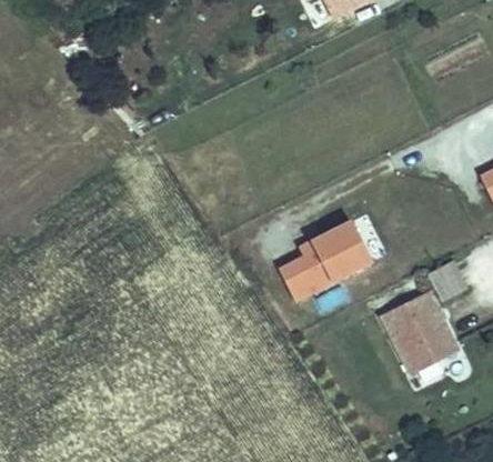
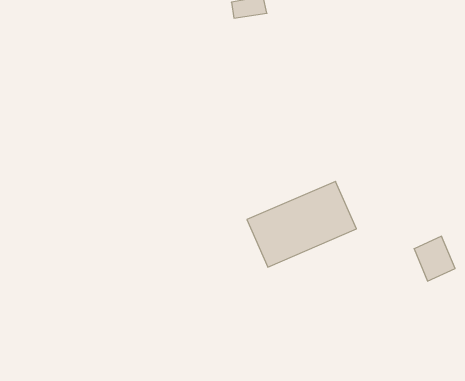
building: [384,294,457,373] -> none

